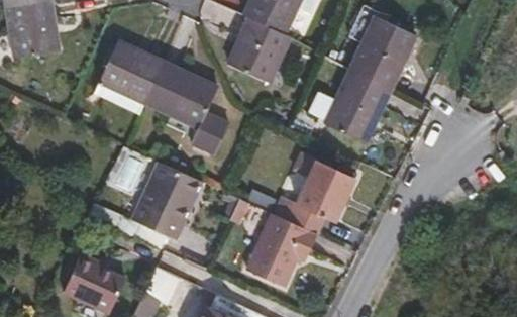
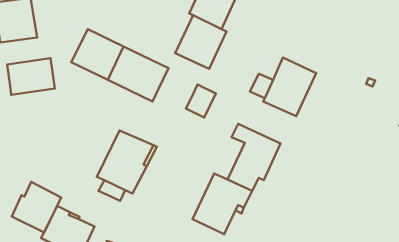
building: [355,19,421,92] -> none
building: none -> [7,58,55,95]
building: [190,111,226,151] -> [186,84,216,118]
building: none -> [12,182,61,233]

